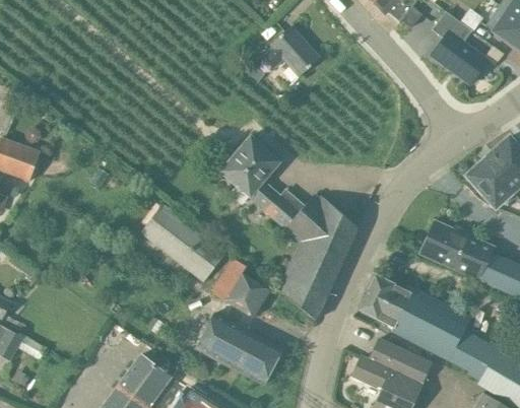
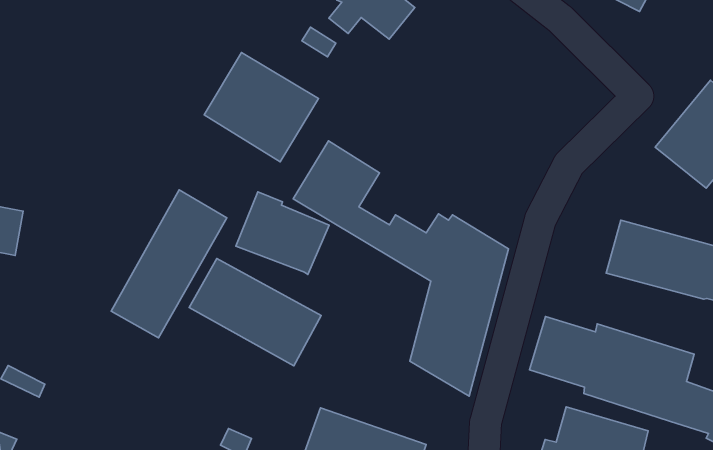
building: none -> [204,53,319,162]
building: none -> [111,190,227,338]
building: [210,257,274,317] -> [236,192,329,275]

